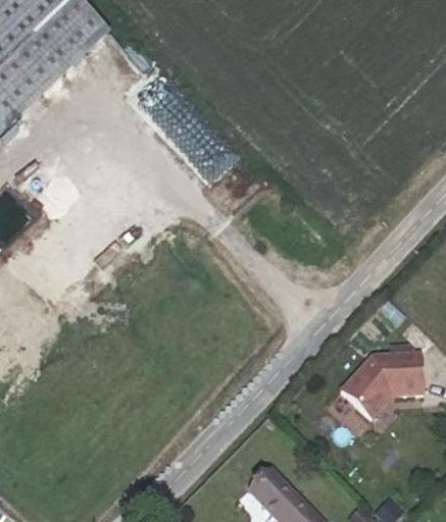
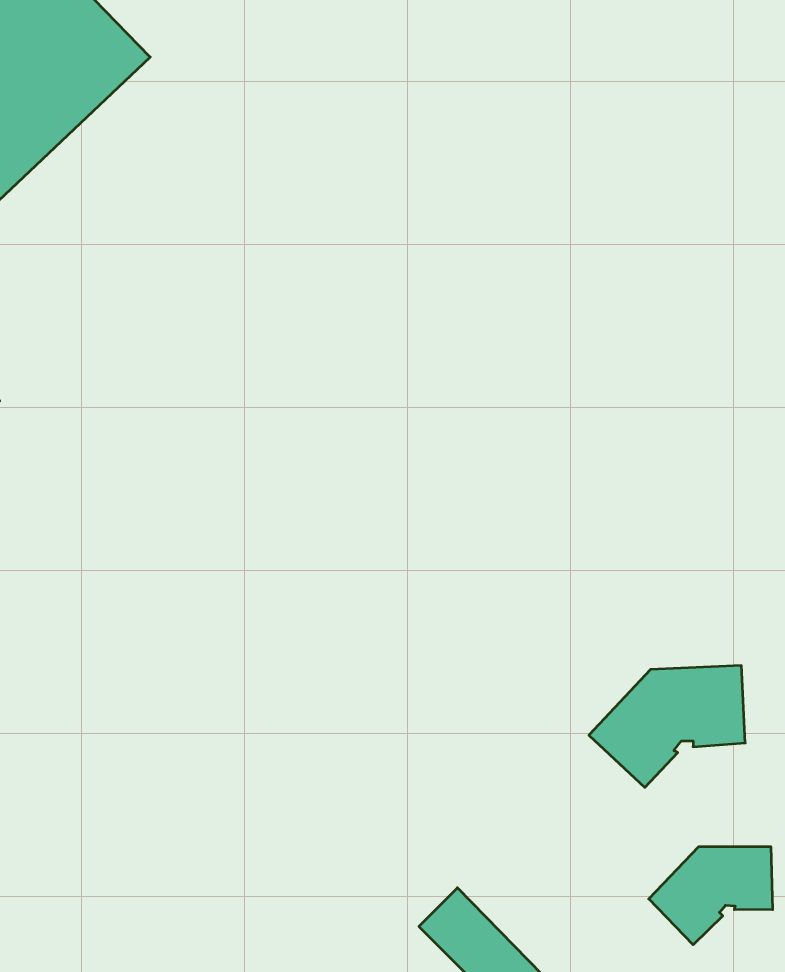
building: none -> [649,847,773,945]

